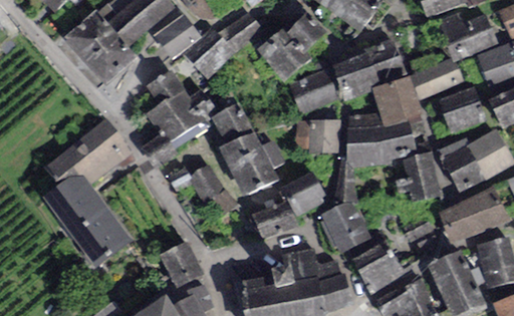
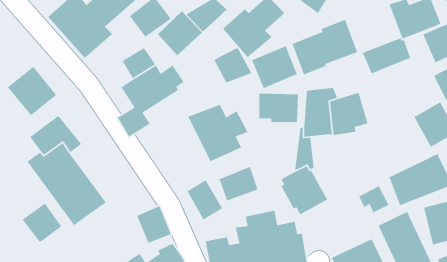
building: [370,74,422,125] -> none
building: [438,86,486,131] -> none
building: [211,102,254,142] -> [213,47,252,83]
building: [76,120,132,176] -> [7,66,57,116]
building: [437,136,485,194] -> none
building: [403,150,442,201] -> none
building: [188,163,228,208] -> [187,179,223,220]
building: [281,171,325,216] -> none
building: none -> [22,202,62,243]
building: [350,243,408,296] -> none

